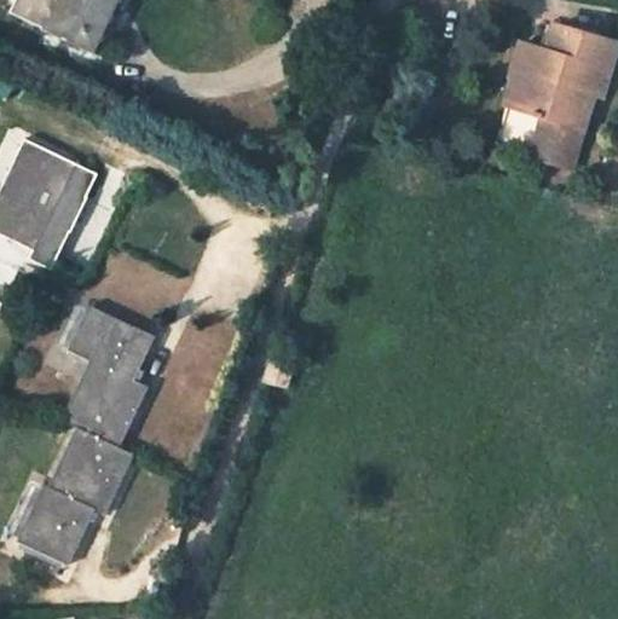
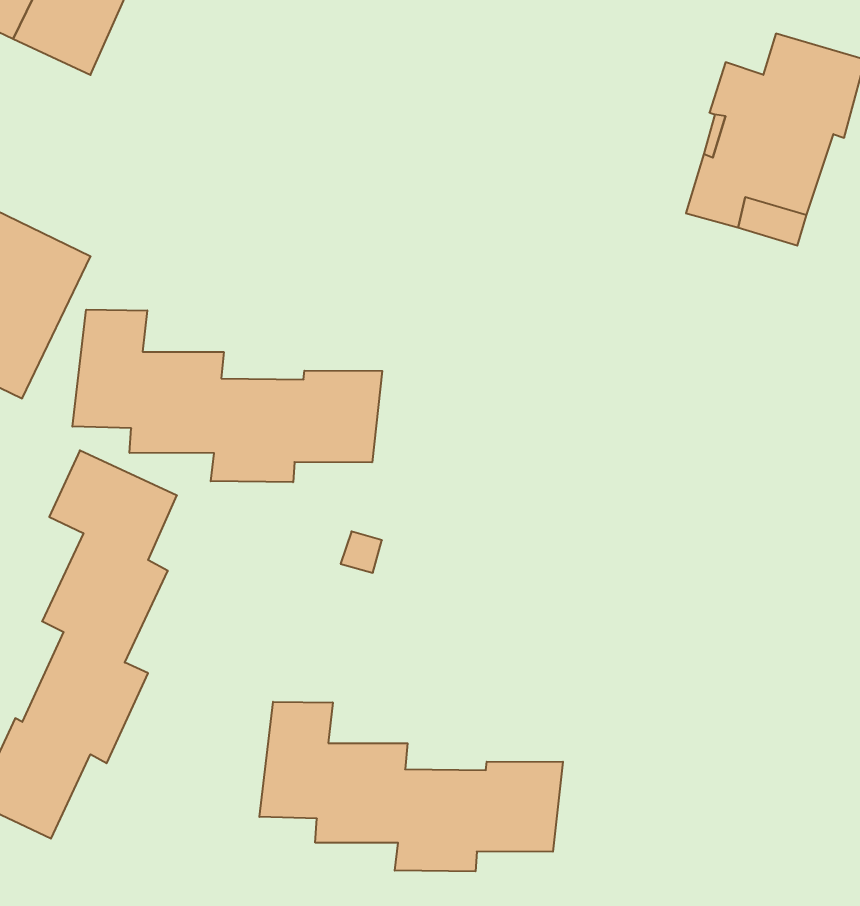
building: none -> [72,310,382,482]
building: none -> [259,702,563,871]

